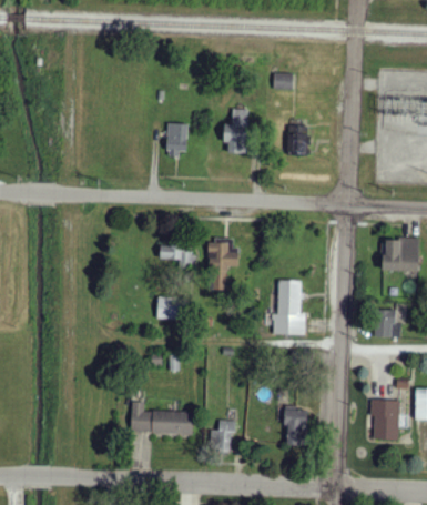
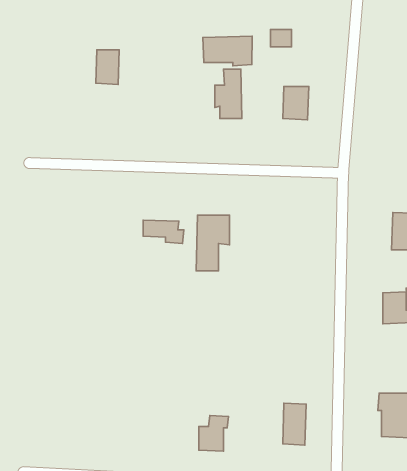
building: none -> [203,36,252,66]
building: [166,123,187,154] -> [96,50,119,85]
building: [273,280,305,334] -> none
building: [157,296,179,319] -> none
building: [131,401,192,434] -> none

